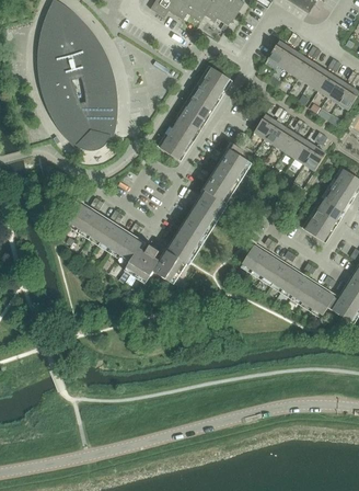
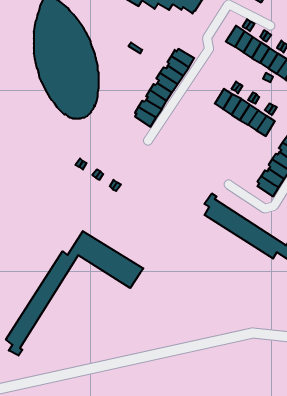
building: [70,141,248,282] -> none
building: none -> [6,231,143,356]

